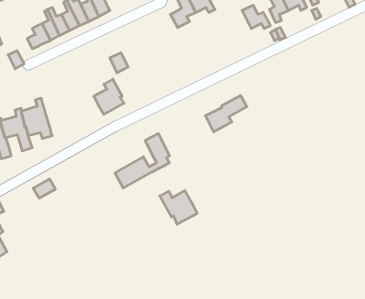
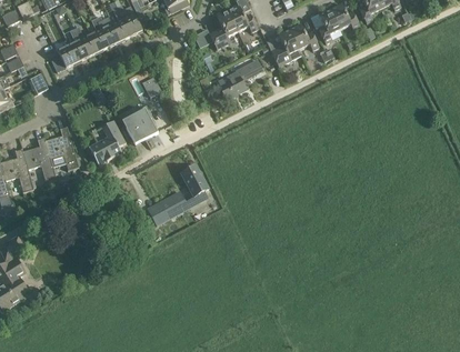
building: none -> [269,29,300,66]
building: none -> [88,119,124,164]
building: [205,96,247,132] -> [216,59,261,99]
building: [160,191,197,224] -> none

